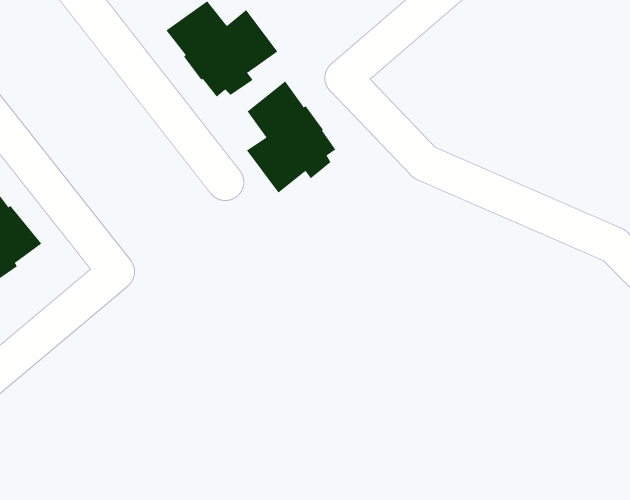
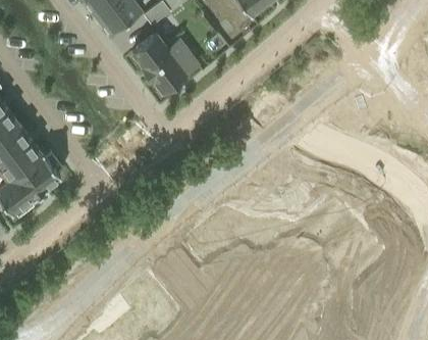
building: [246,81,336,194] -> none

